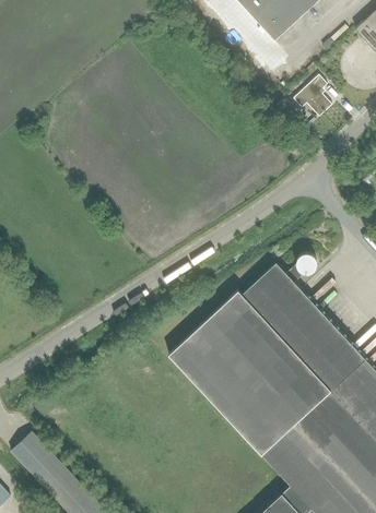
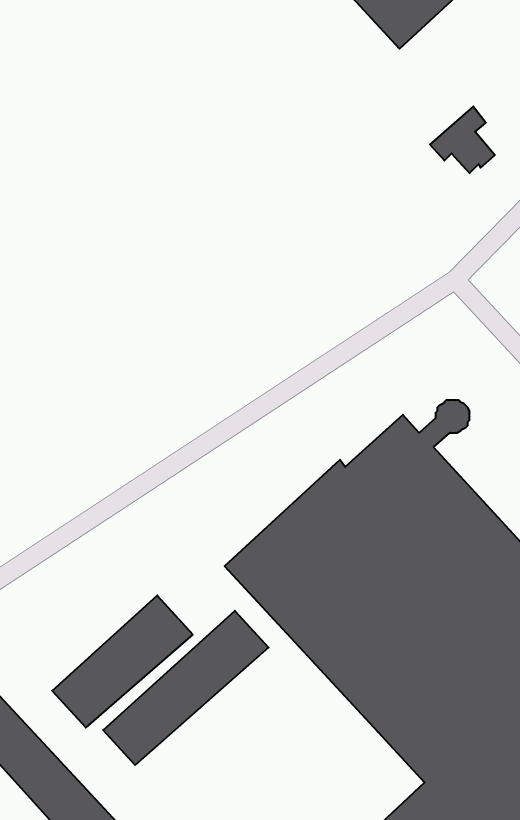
building: none -> [52,595,193,728]
building: none -> [103,611,269,765]

